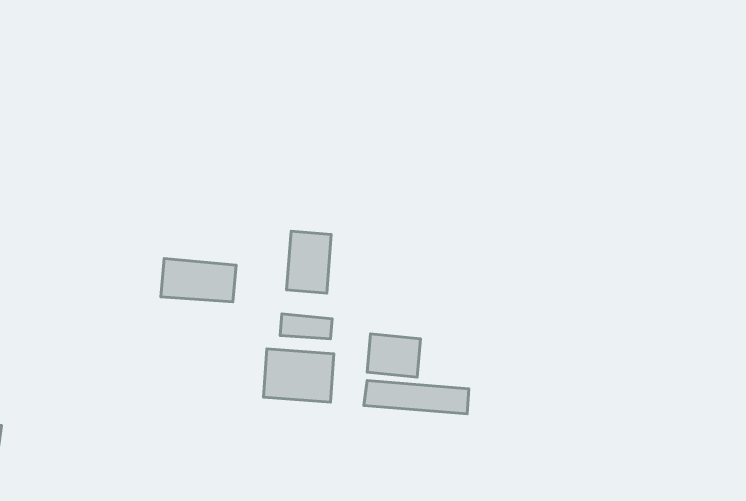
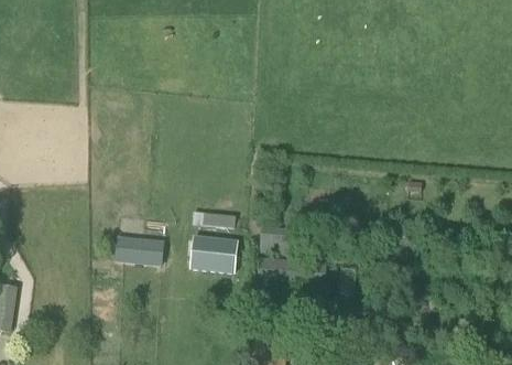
building: [286,231,331,293] -> none
building: [161,258,236,302] -> [115,236,164,265]

